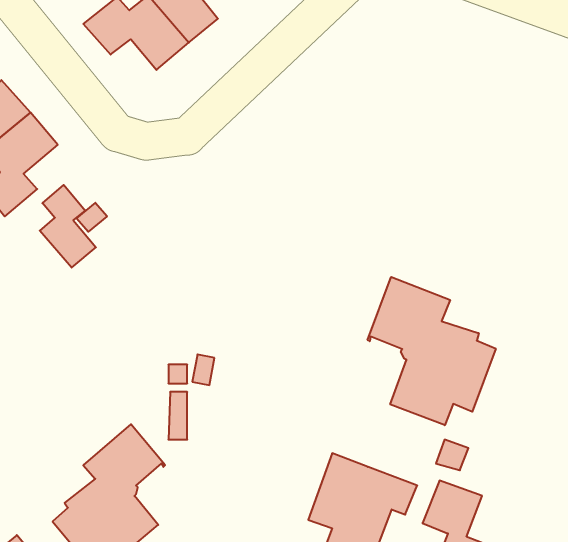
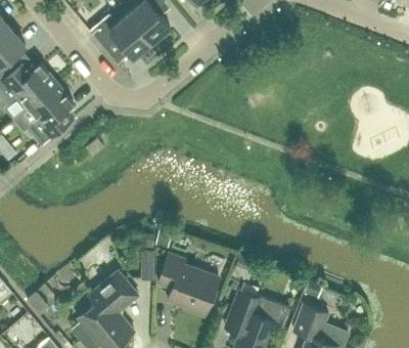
building: [40,185,96,268] -> none
building: [368,277,496,425] -> none
building: none -> [157,254,218,316]

